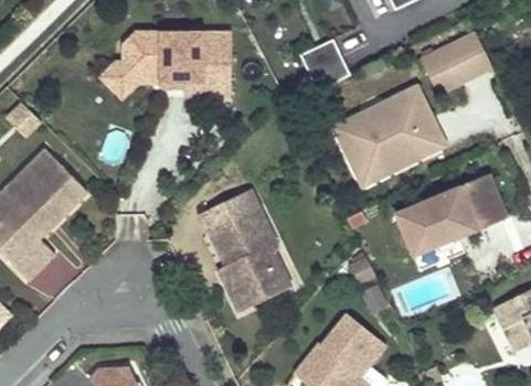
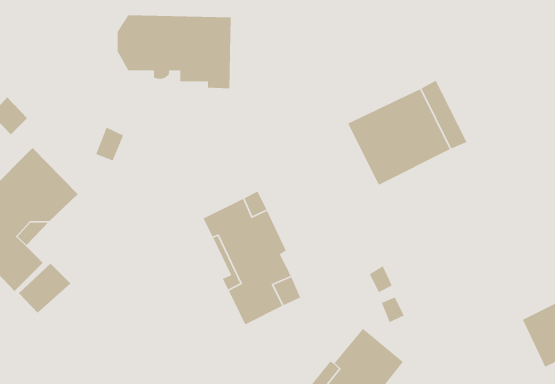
building: [420,31,492,93] -> none
building: [299,41,349,90] -> none
building: [98,58,156,100] -> none
building: [395,173,507,269] -> none

